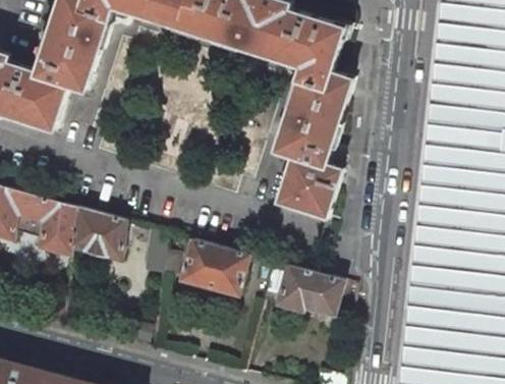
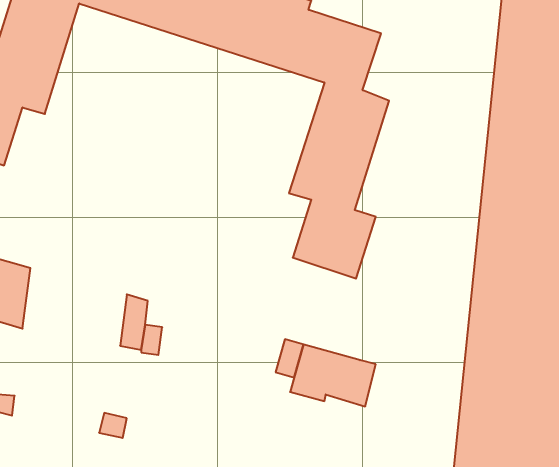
building: [70,210,125,262] -> none
building: [179,241,249,297] -> none

